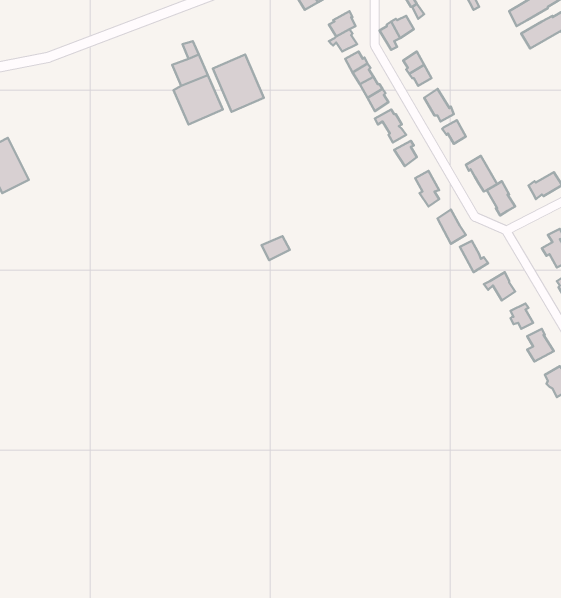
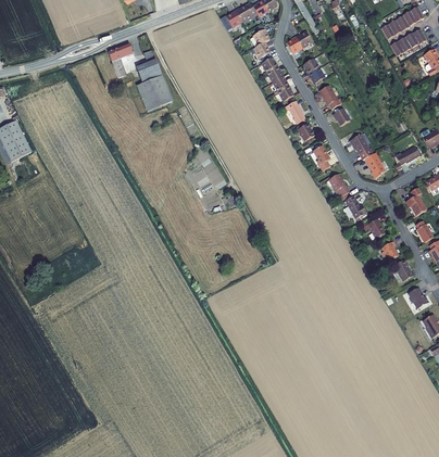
building: none -> [108,43,134,77]
building: [213,54,264,112] -> none

